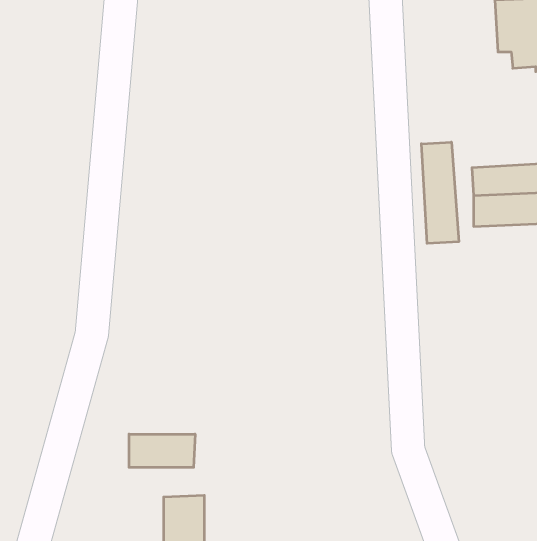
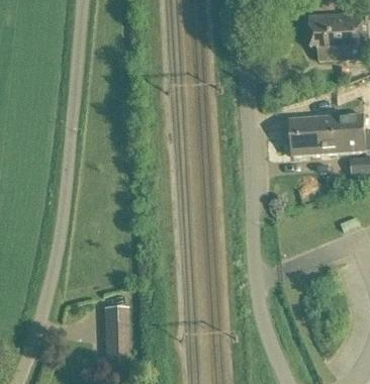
building: [421,142,459,243] -> none
building: [129,434,195,467] -> none

